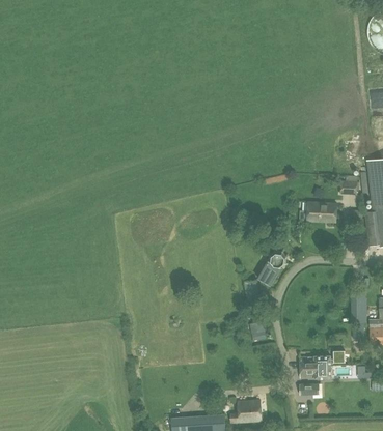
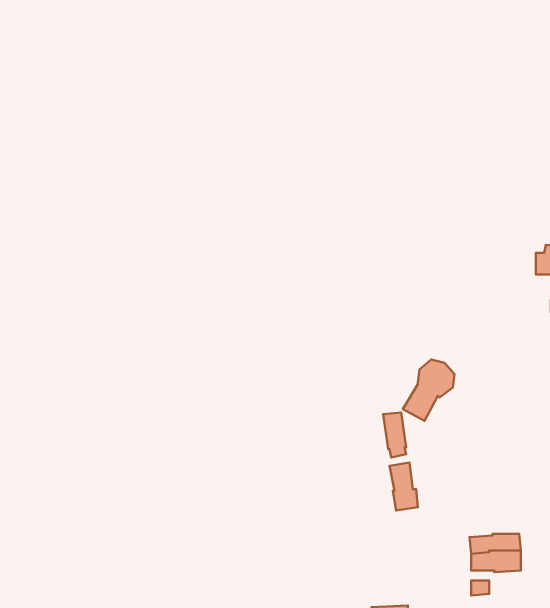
building: [306,202,335,222] -> none

